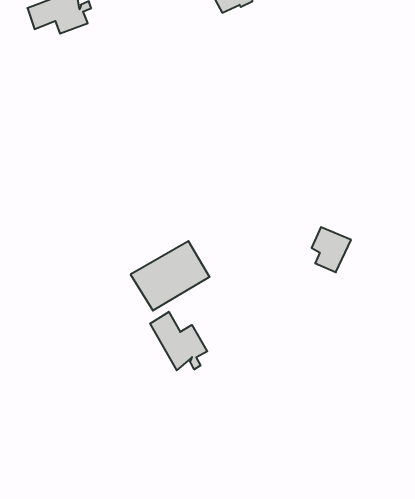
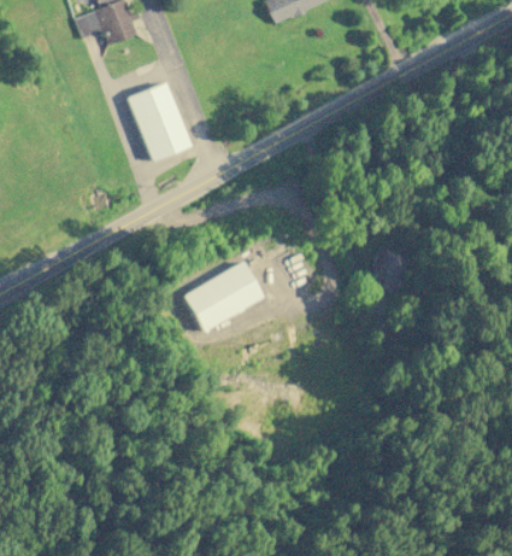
building: none -> [126,80,192,160]
building: [150,312,207,370] -> none

